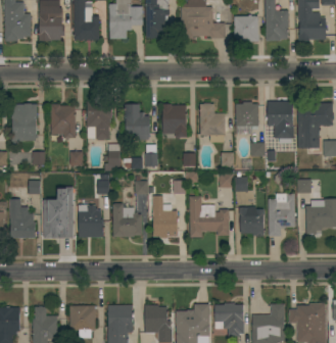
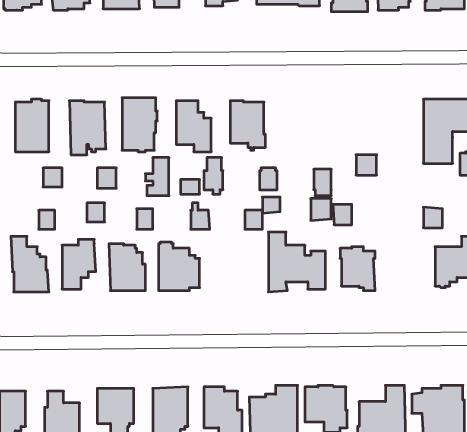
building: [235,101,258,135] -> none
building: [267,101,293,143] -> none
building: [199,103,225,142] -> none
building: [268,193,295,236] -> none
building: [153,205,178,236] -> none

